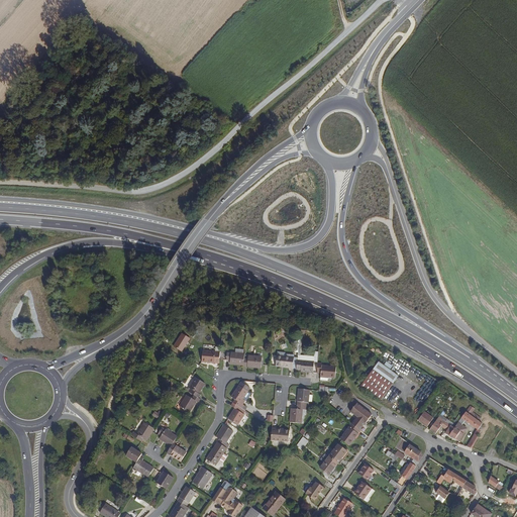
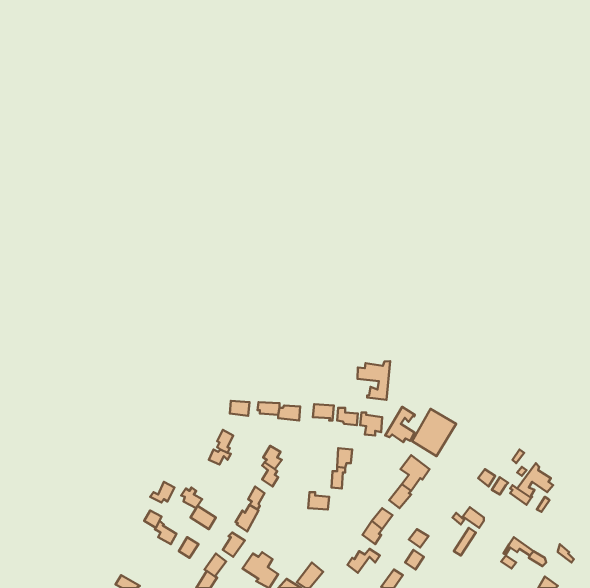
building: none -> [358,361,390,400]
building: none -> [385,407,415,442]

